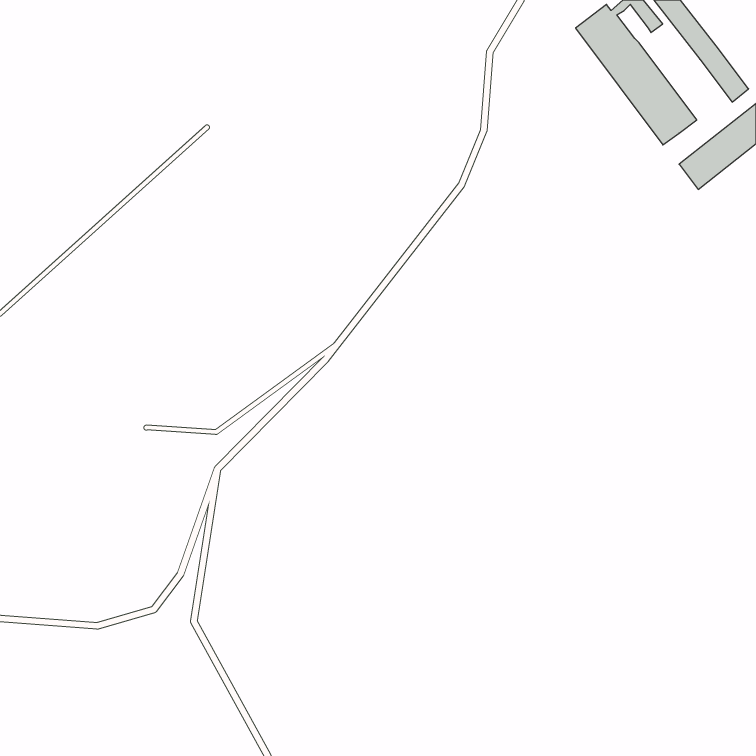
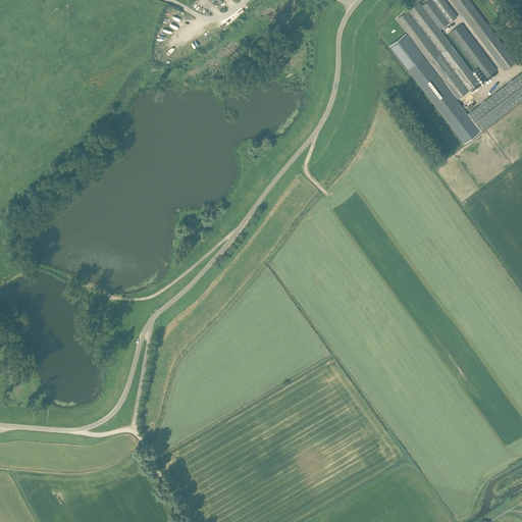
building: none -> [450,23,497,79]
building: none -> [389,34,480,143]

